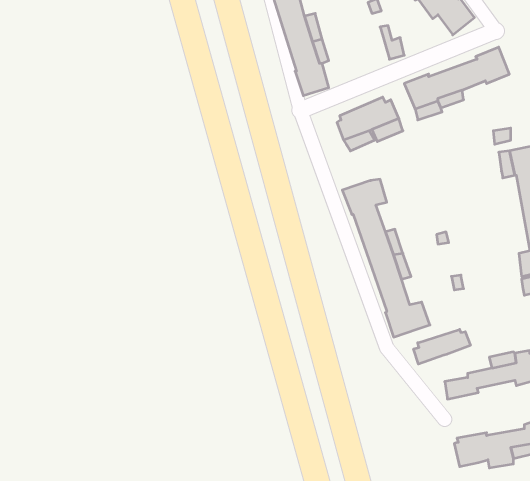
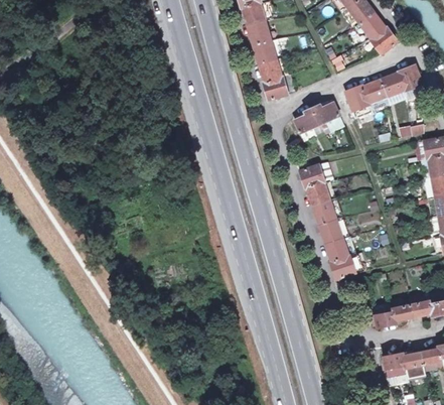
building: [414,329,470,364] -> none

